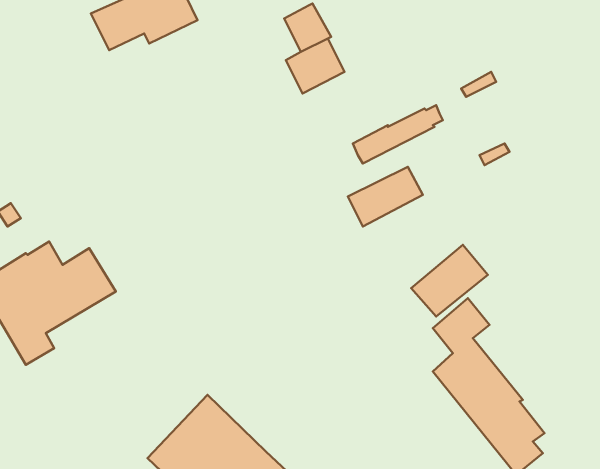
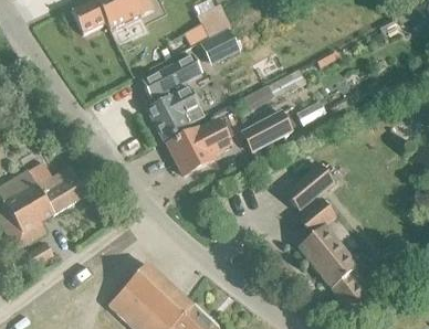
building: none -> [142,53,208,139]
building: none -> [168,119,230,174]

